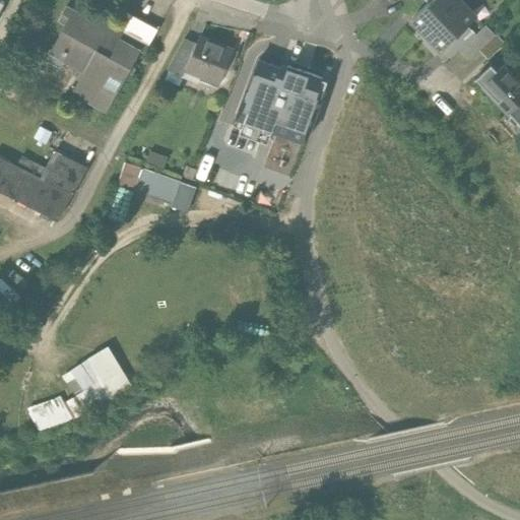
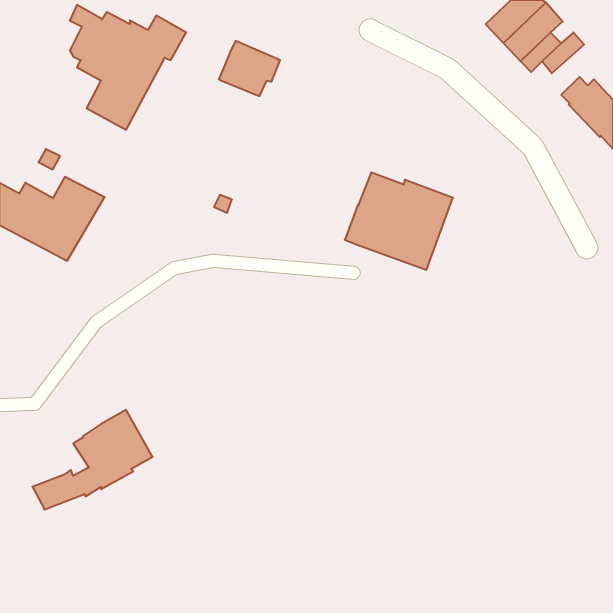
building: [167,38,195,74] -> none
building: [236,61,327,143] -> [345,173,453,270]
building: [118,161,196,213] -> none

